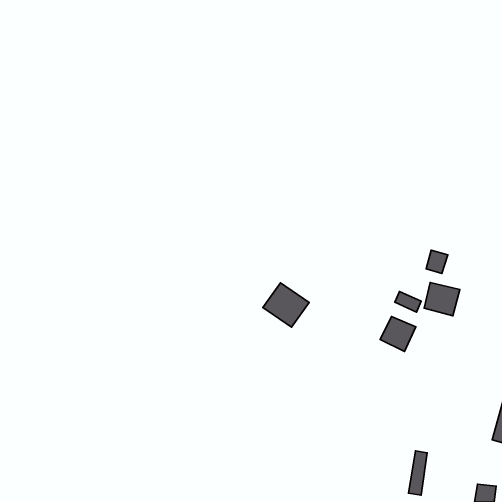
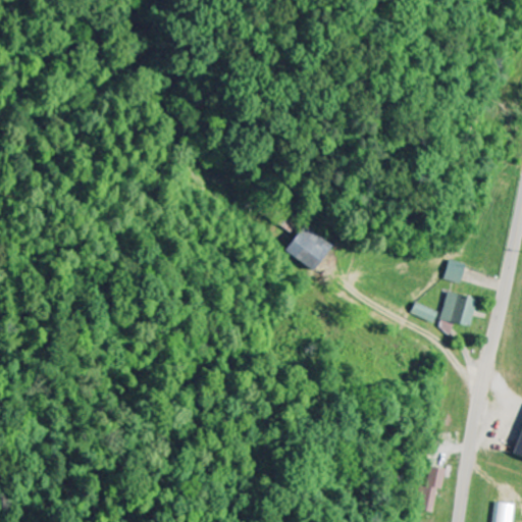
building: [263,283,309,327] -> [285,225,333,271]
building: [380,316,416,351] -> none

